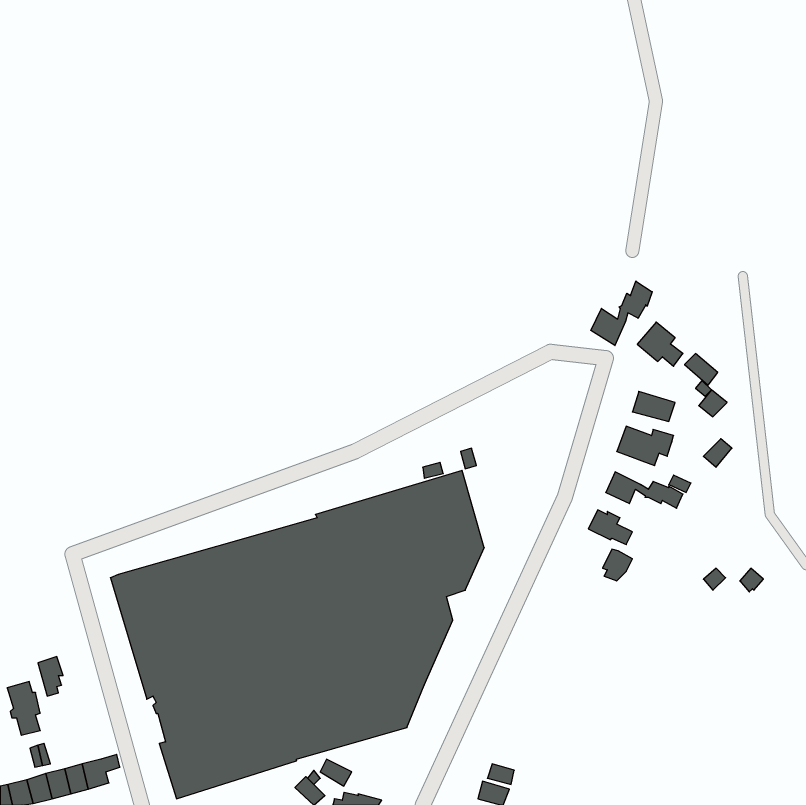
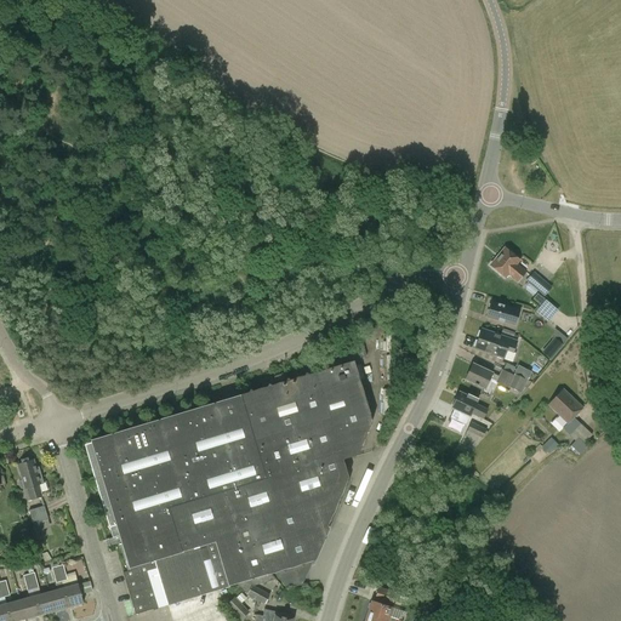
building: [591,281,652,346] -> none
building: none -> [548,388,582,434]
building: [7,682,40,735] -> [17,458,42,500]

